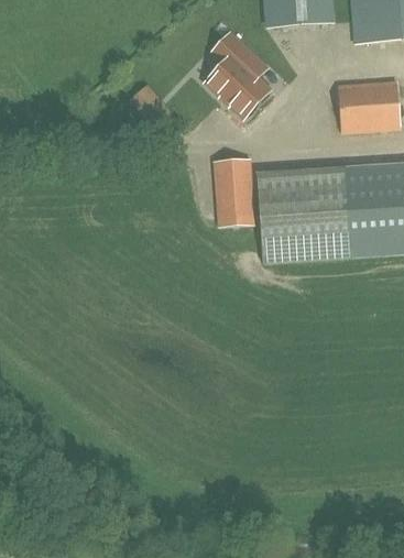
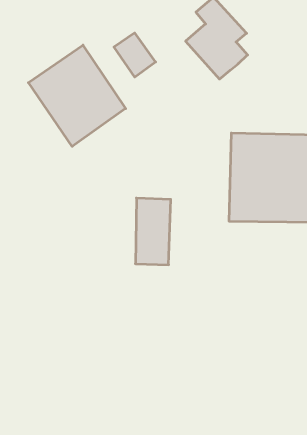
building: none -> [28,45,126,146]
building: [215,157,254,227] -> [135,198,171,265]

